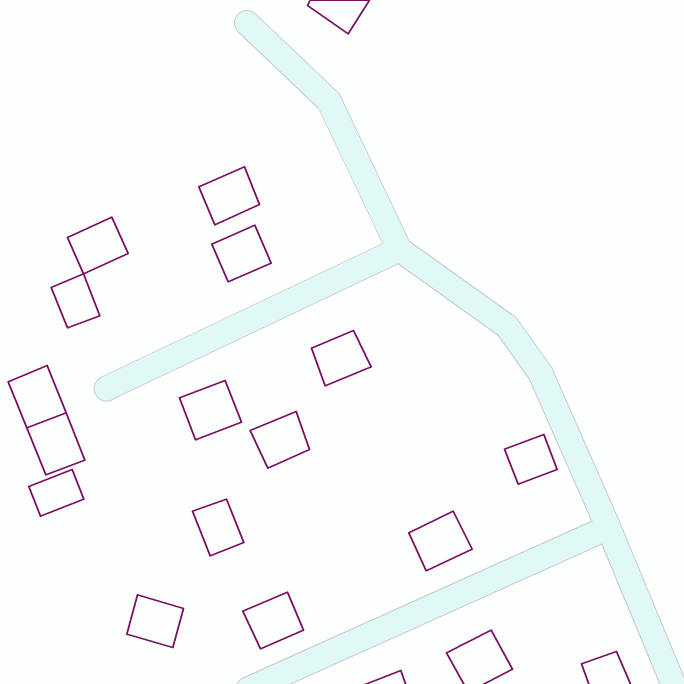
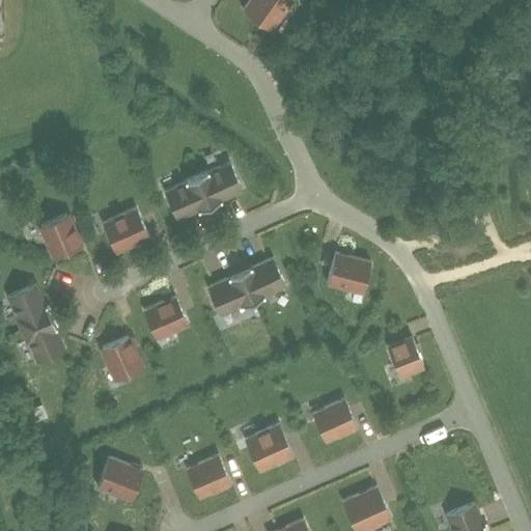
building: [199,167,259,225] -> [196,162,243,206]
building: [67,217,128,274] -> [103,208,149,252]
building: none -> [328,251,371,292]
building: [250,412,310,468] -> [204,272,250,315]
building: [29,469,84,516] -> none
building: [193,499,244,556] -> [102,339,141,383]
building: none -> [245,425,292,472]

